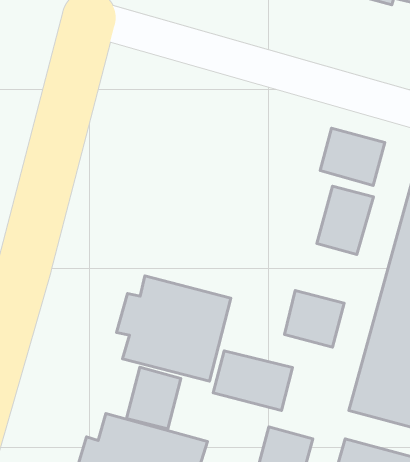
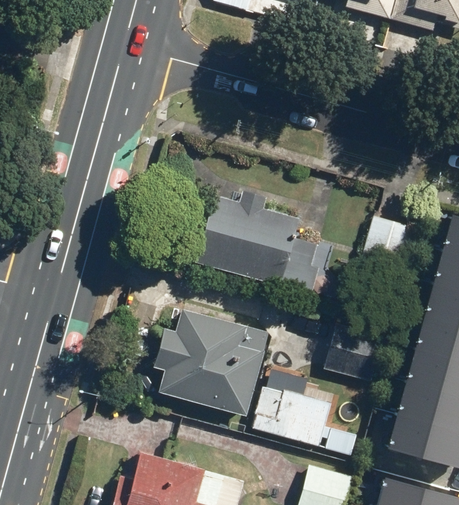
building: [320,128,385,185] -> none
building: none -> [183,190,319,291]
building: [127,367,181,429] -> none

